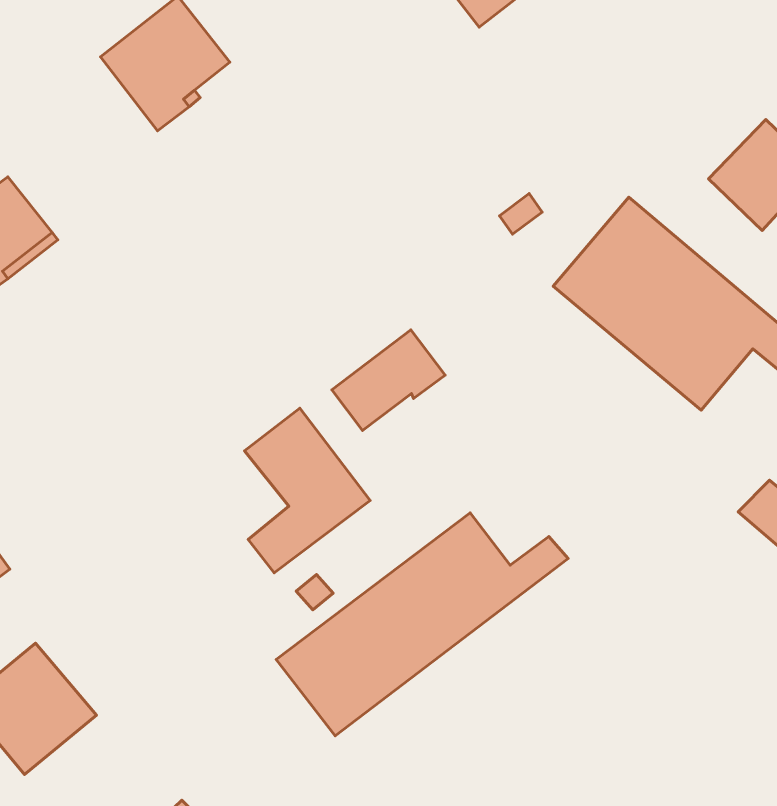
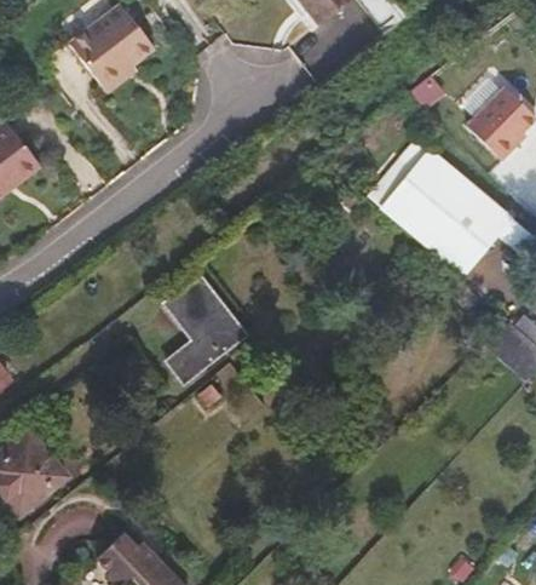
building: [332,330,445,431] -> none
building: [276,513,568,736] -> none

